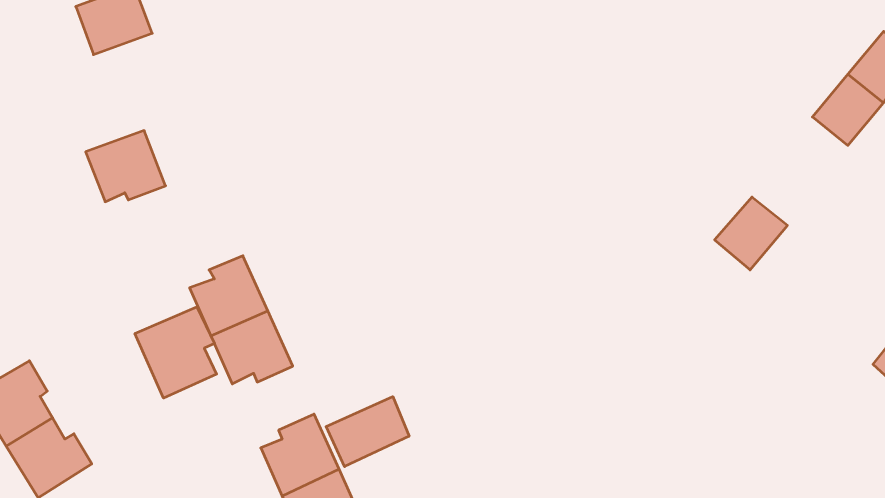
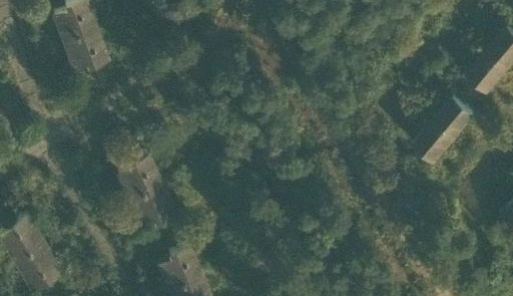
building: [86,131,166,202] -> [63,31,108,71]
building: none -> [434,99,474,139]
building: [135,307,217,398] -> none
building: [326,397,409,467] -> none

